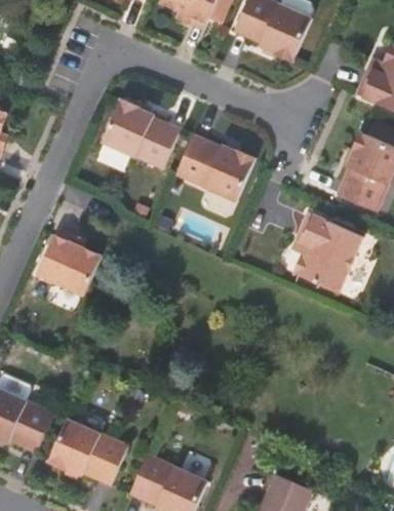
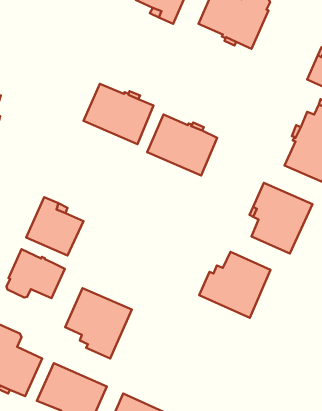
building: none -> [7,249,65,298]
building: none -> [199,252,271,318]
building: none -> [65,288,132,358]

